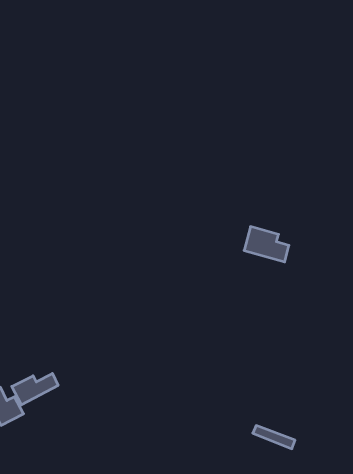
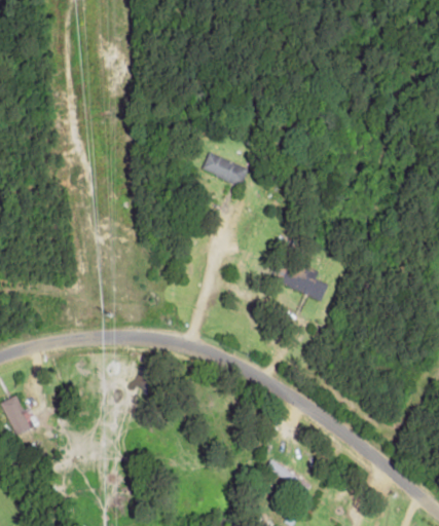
building: none -> [200,152,247,186]
building: [12,373,58,405] -> none

